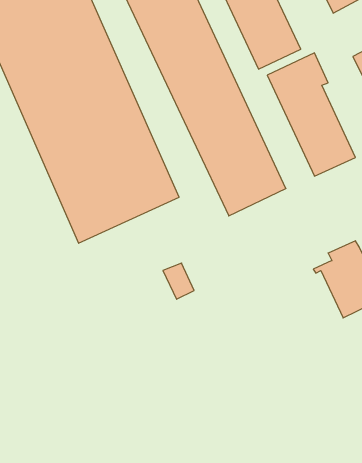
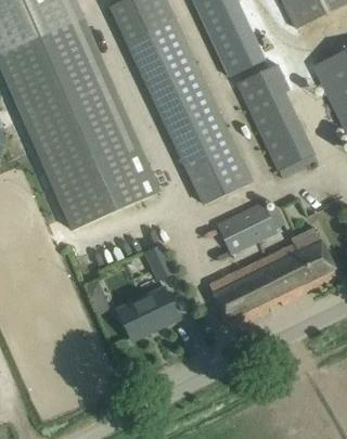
building: none -> [217,203,284,254]
building: none -> [209,251,303,328]
building: none -> [117,287,178,340]

